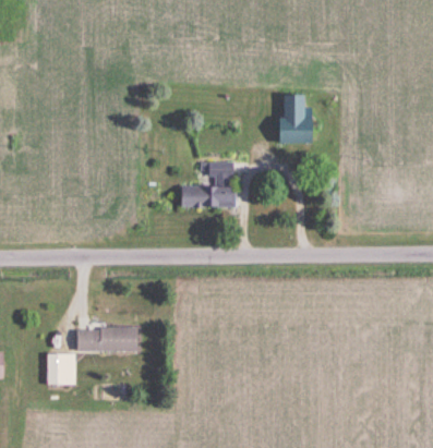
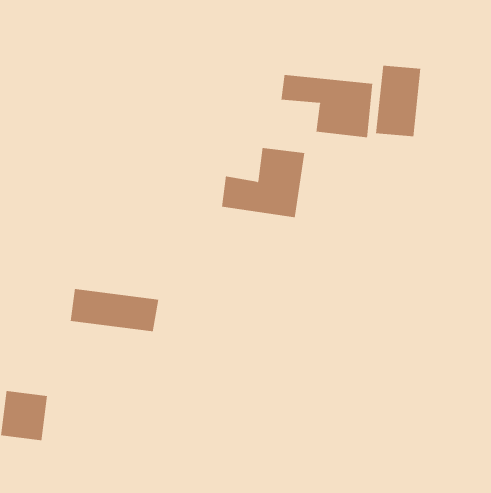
building: none -> [281,74,373,138]
building: [77,328,137,351] -> [70,289,159,332]

